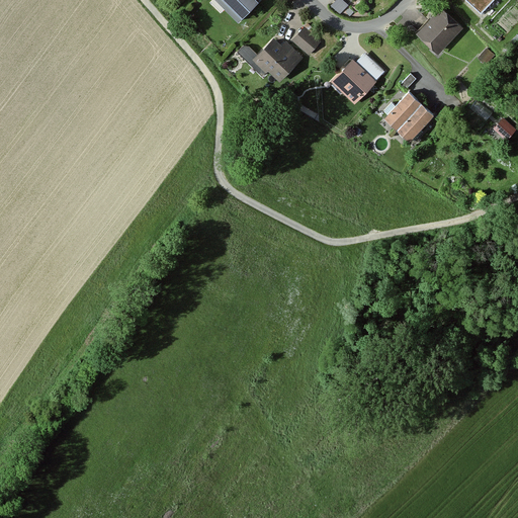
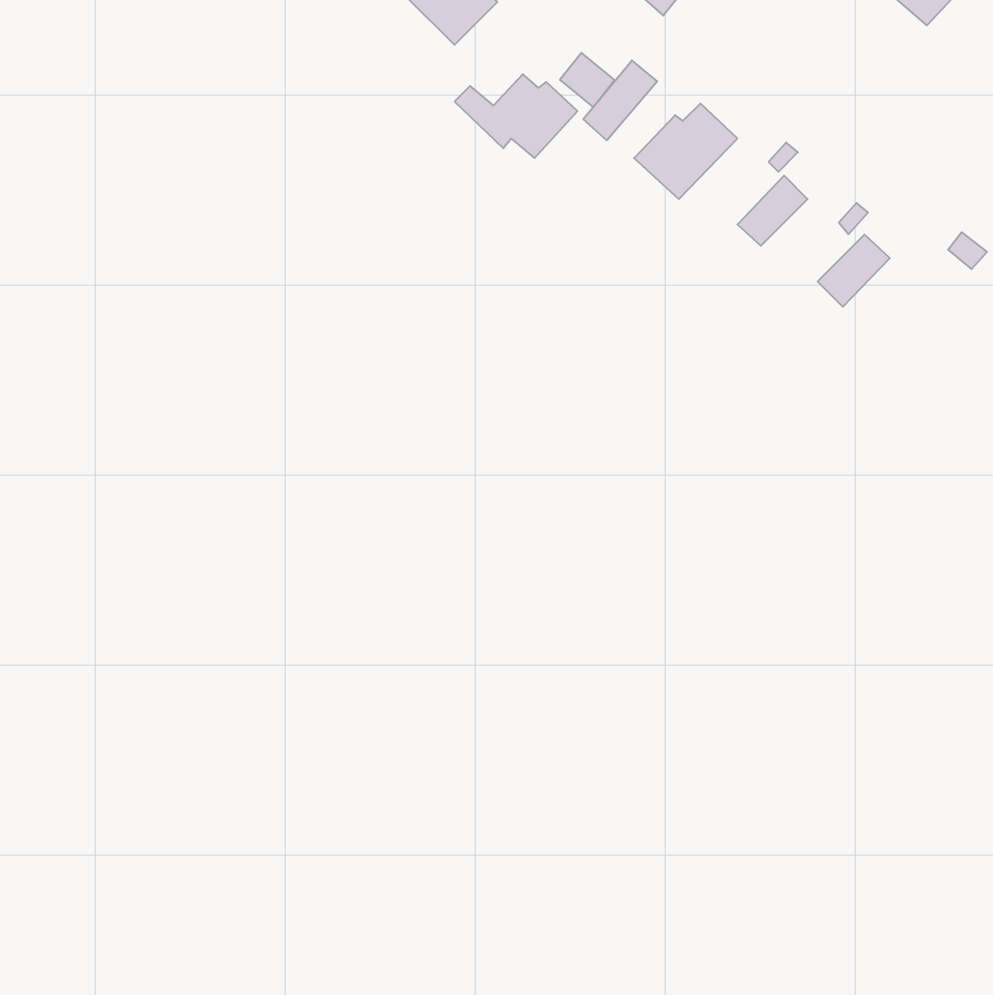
building: [417,7,463,54] -> none
building: none -> [583,60,657,140]
building: [397,103,434,141] -> [818,235,890,307]

